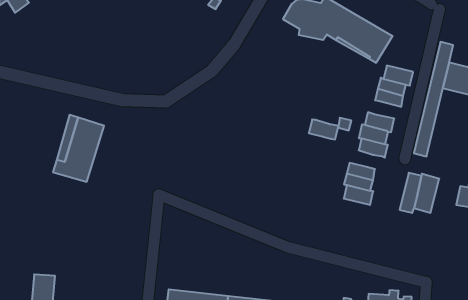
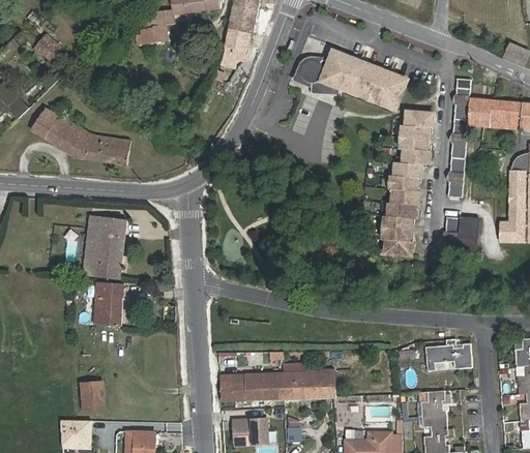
building: none -> [31,108,130,164]
building: none -> [402,148,432,164]
building: [309,119,338,139] -> [387,202,416,218]
building: none -> [94,282,123,326]

